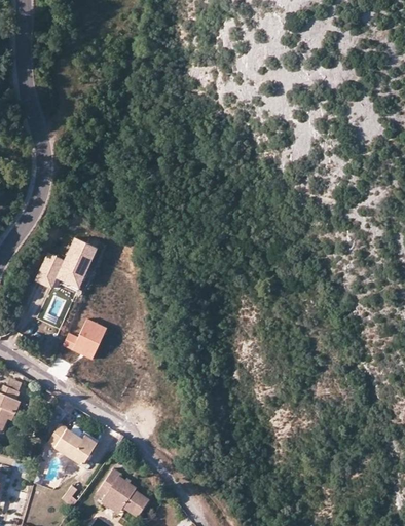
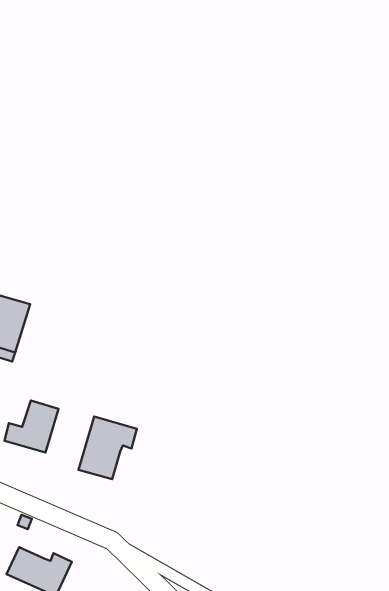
building: none -> [79,417,137,479]

